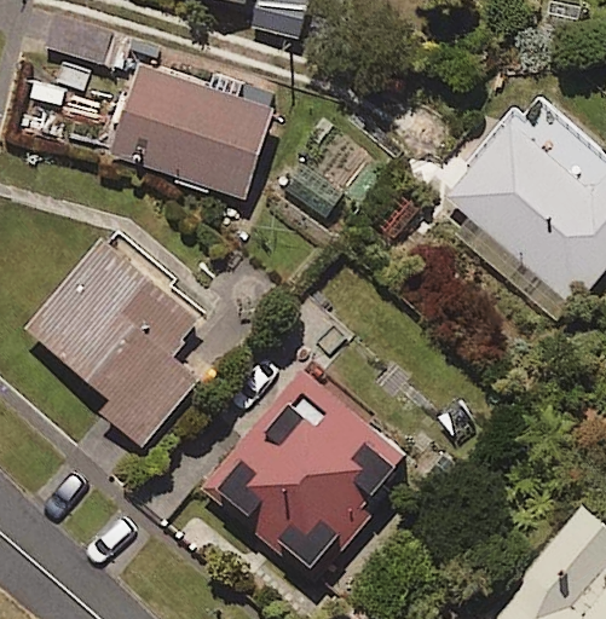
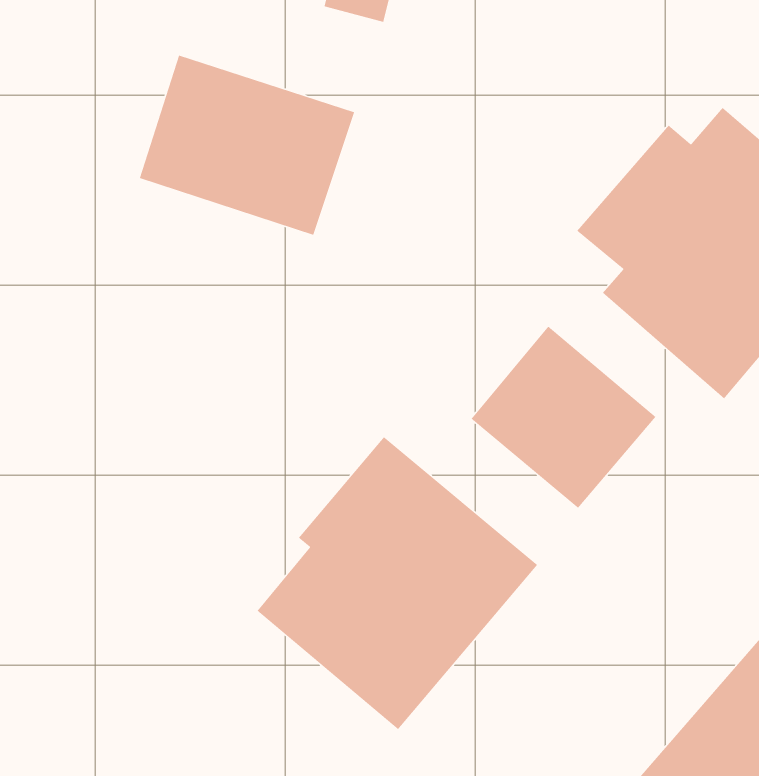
building: [27,233,203,447] -> none
building: none -> [471,326,656,509]

